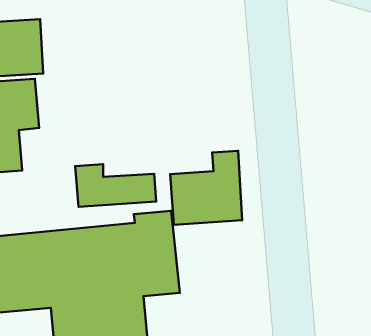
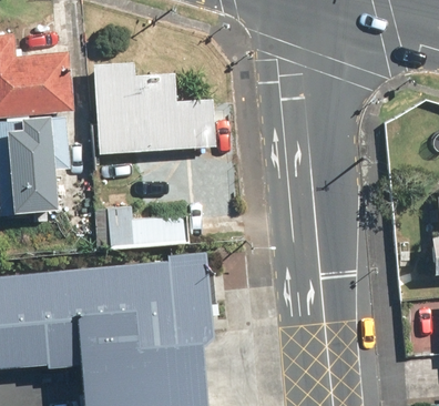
building: none -> [89,61,214,152]
building: [170,151,242,225] -> none

